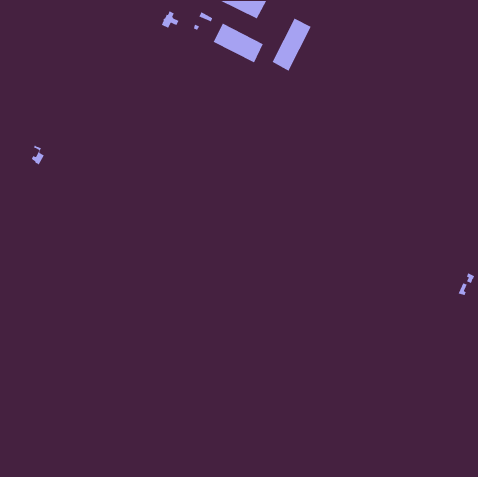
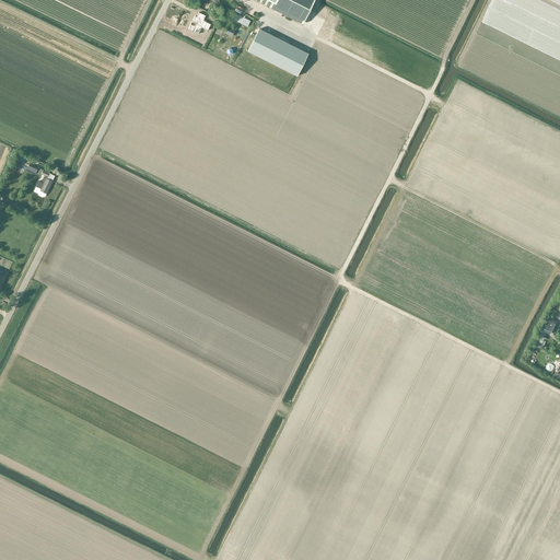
building: [272,18,312,72] -> none

